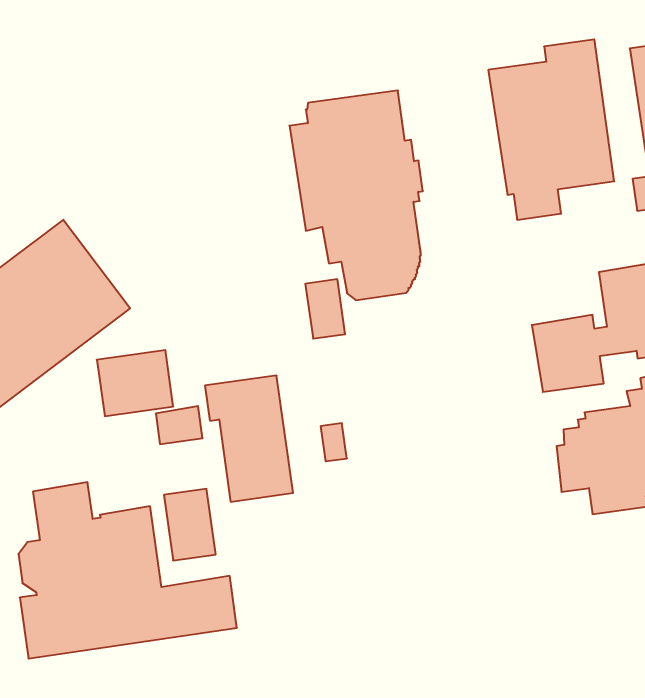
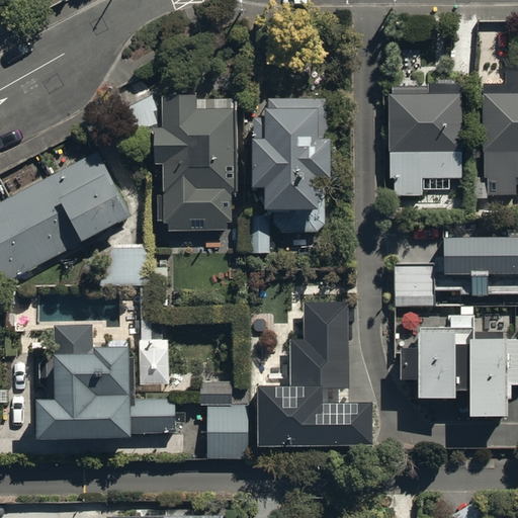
building: none -> [157,92,235,230]
building: [205,376,293,502] -> [200,382,248,460]
building: none -> [255,303,370,447]

